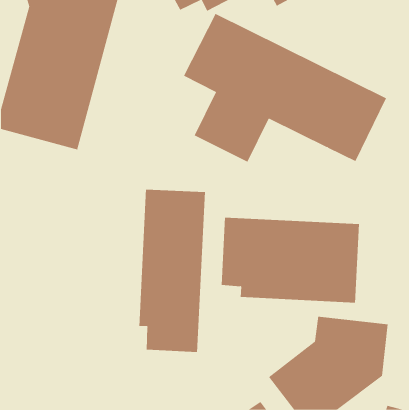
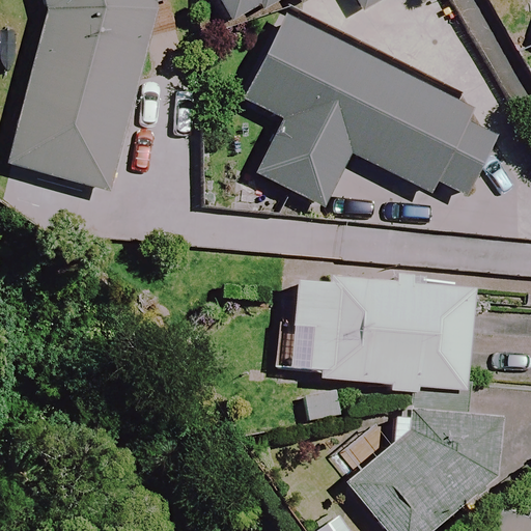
building: [139,189,205,353] -> none

